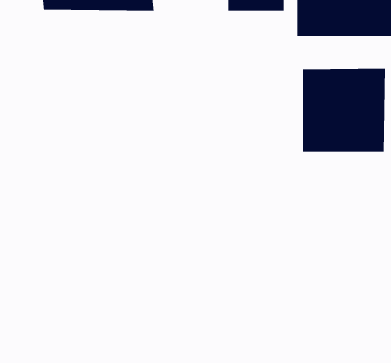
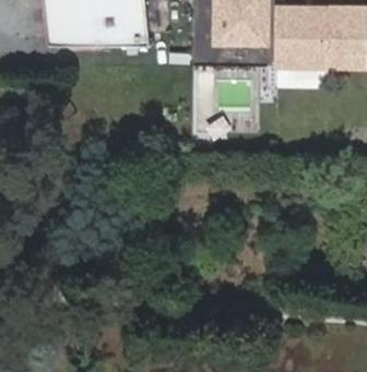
building: [302,68,386,153] -> none

